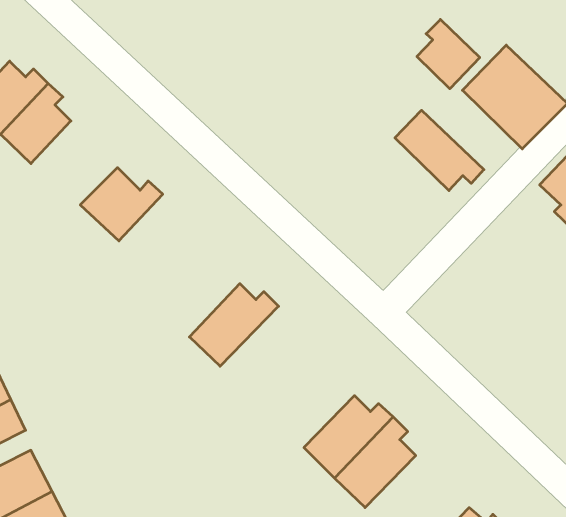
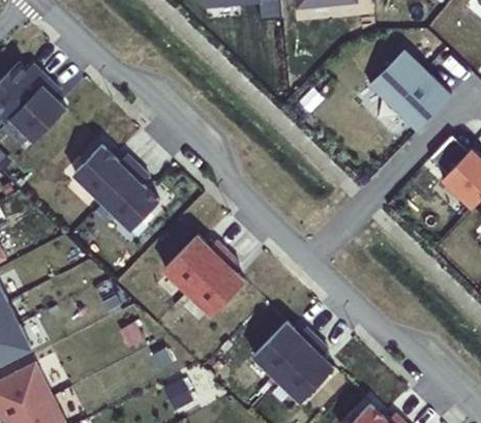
building: [417,19,480,89] -> none
building: [395,110,484,191] -> none
building: none -> [103,167,160,231]
building: none -> [182,253,245,323]

